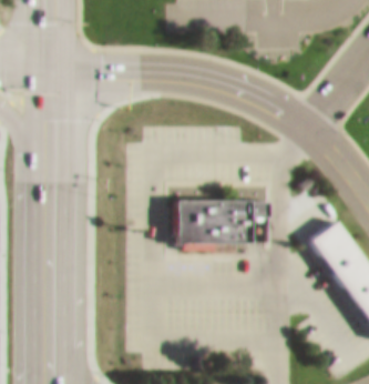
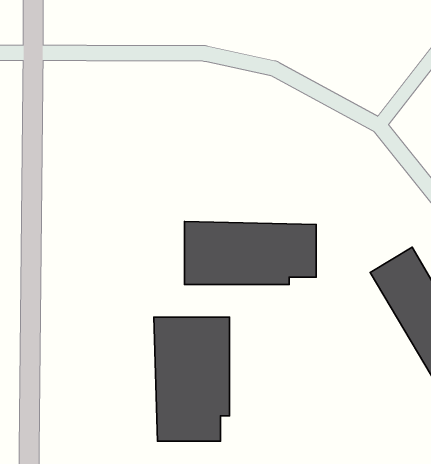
building: none -> [154,317,230,441]

